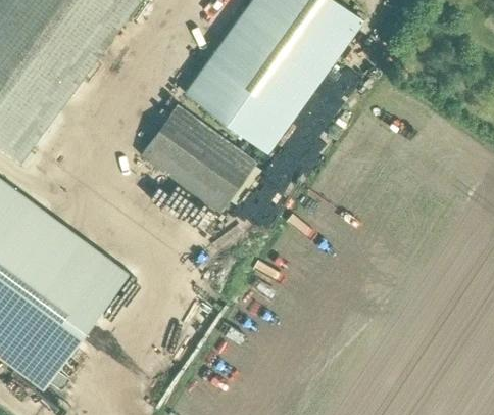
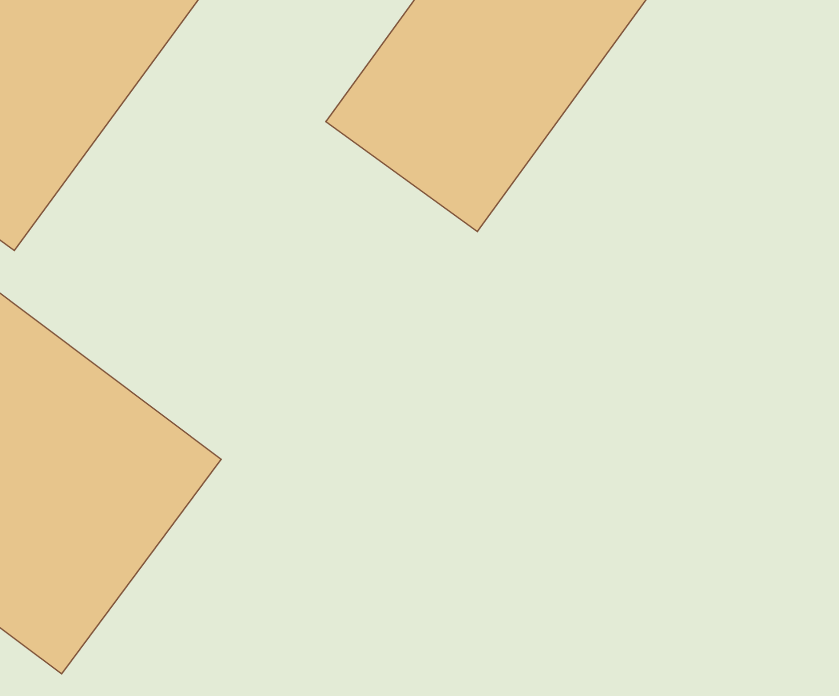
building: [140,104,256,213] -> none

